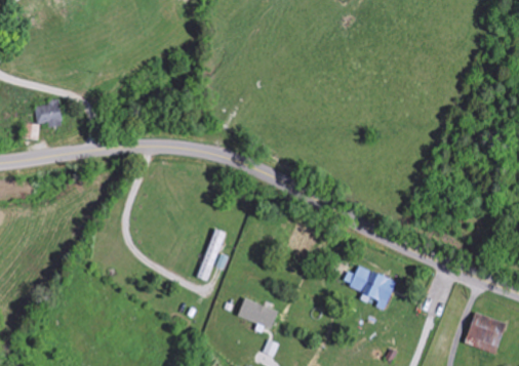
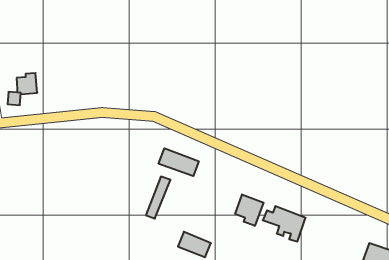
building: none -> [159,148,199,176]
building: none -> [235,194,264,226]

